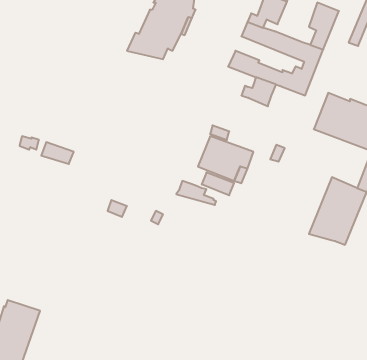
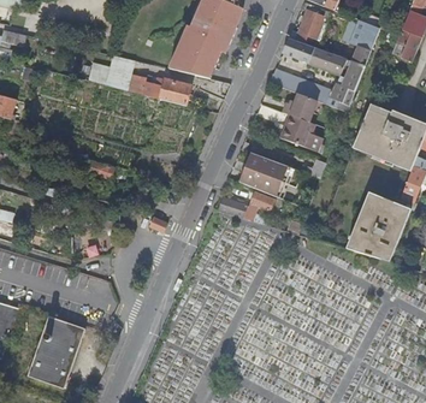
building: none -> [106,54,190,103]
building: none -> [284,113,325,153]

